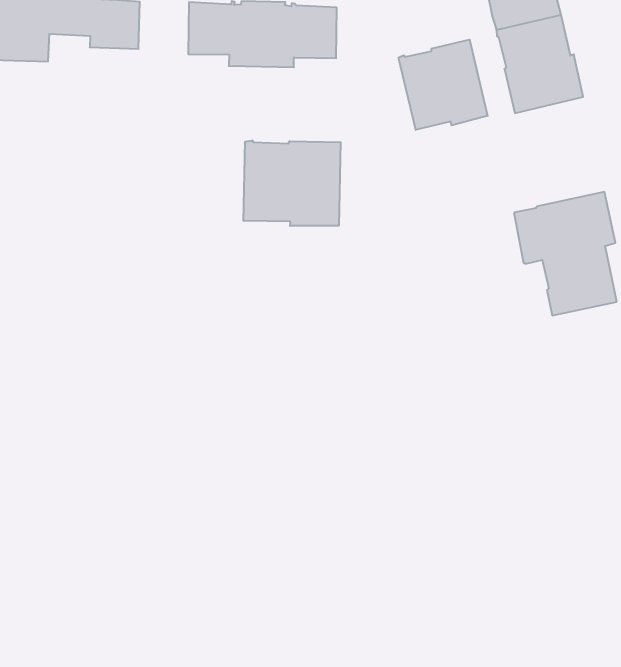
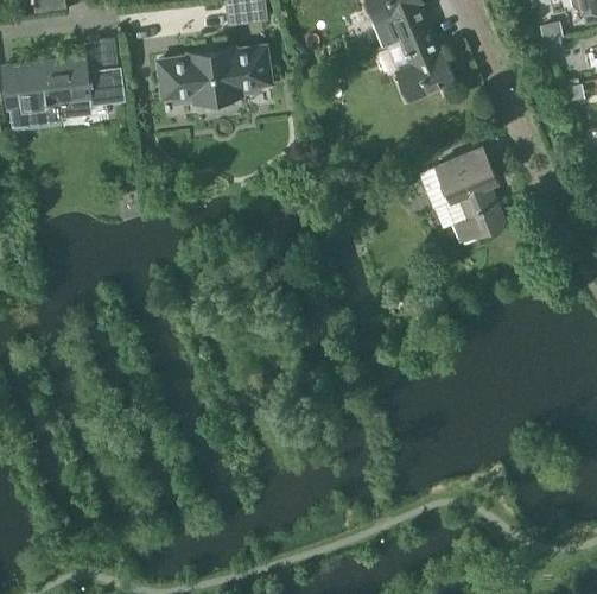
building: [399,40,488,130] -> none
building: [244,140,340,226] -> none

